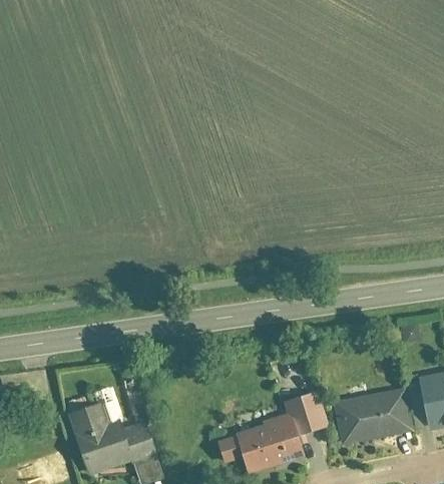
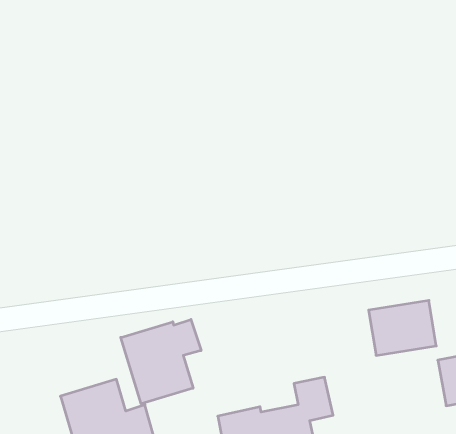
building: none -> [121,319,201,404]
building: [346,389,410,441] -> [369,300,436,355]

